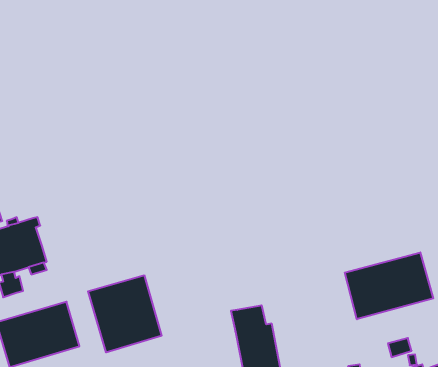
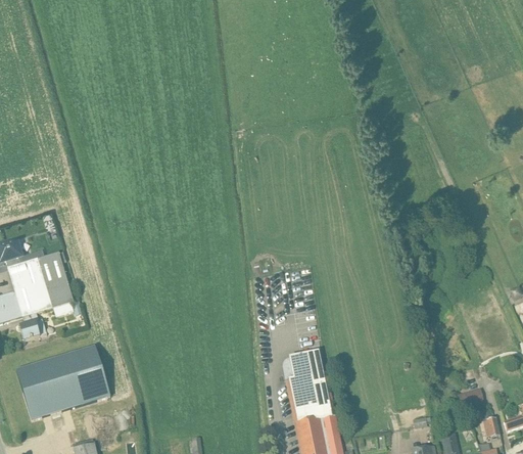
building: [345,252,433,319] -> none
building: [88,275,162,352] -> none

